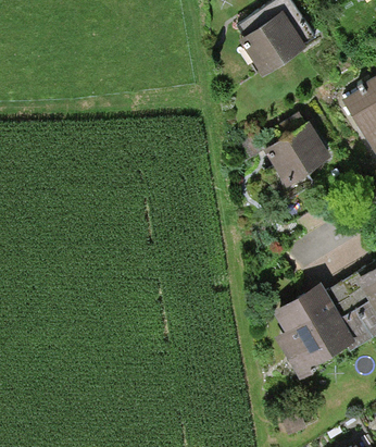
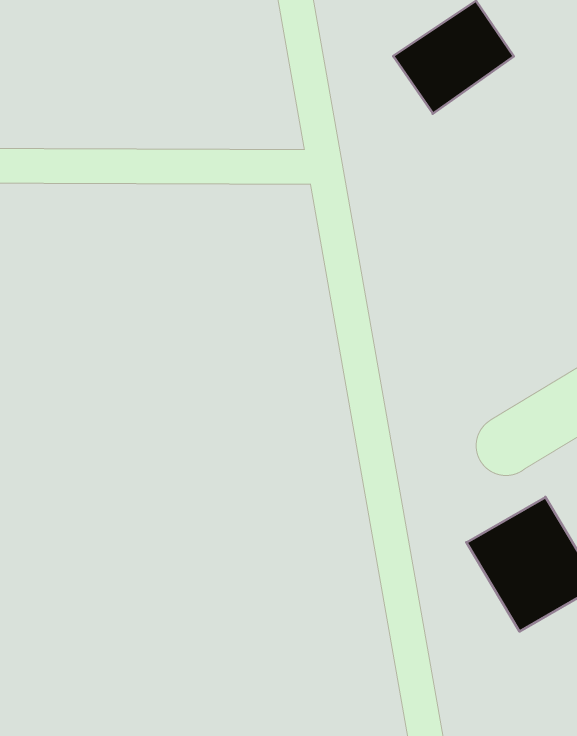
building: [259,124,333,194] -> none

